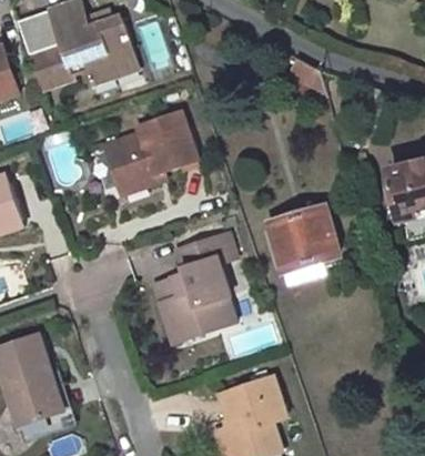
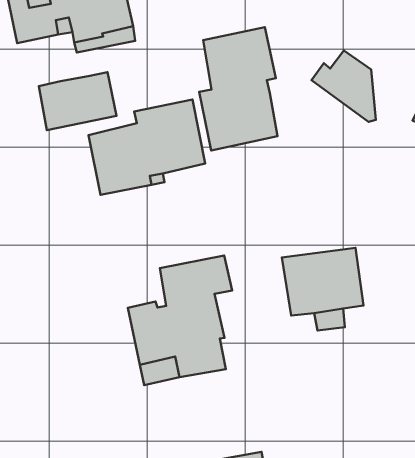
building: none -> [199,27,277,150]
building: none -> [39,72,116,130]

